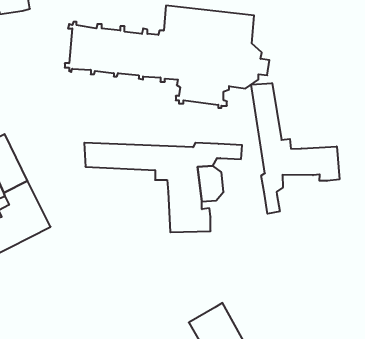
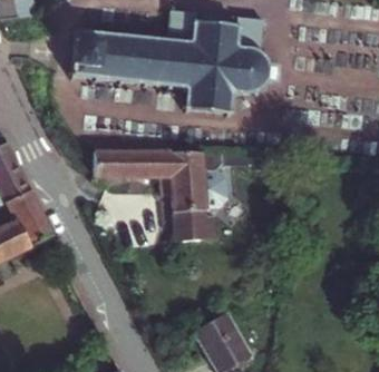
building: [251,83,339,214] -> none

